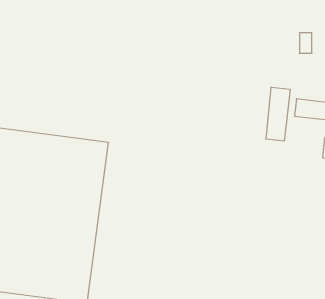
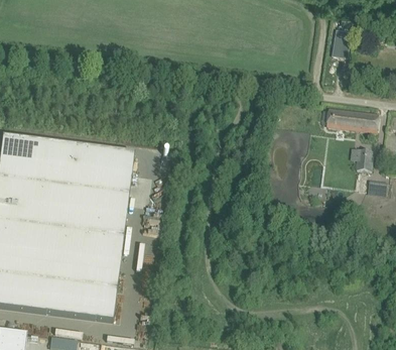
building: [266,87,290,141] -> none

